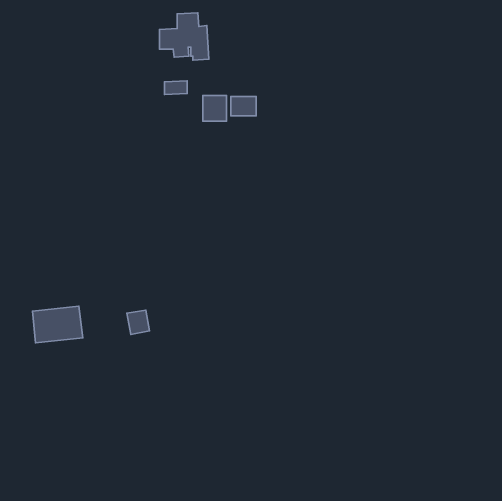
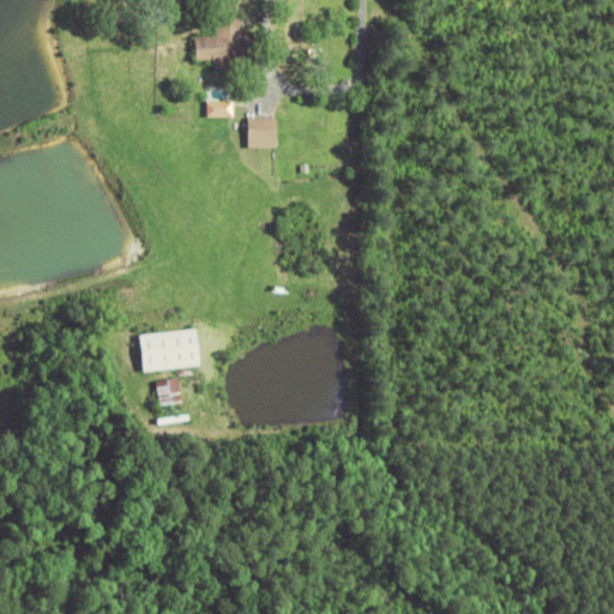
building: [231,97,256,116] -> none
building: [33,306,83,343] -> [139,329,200,373]

